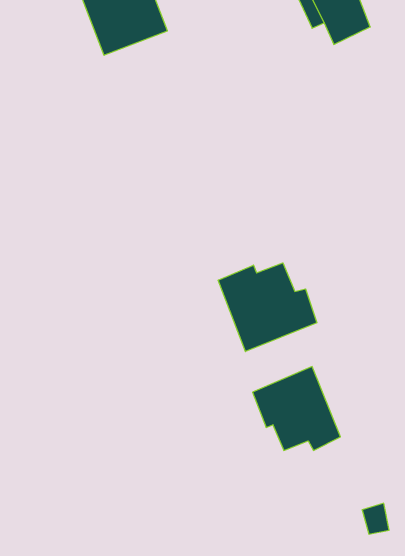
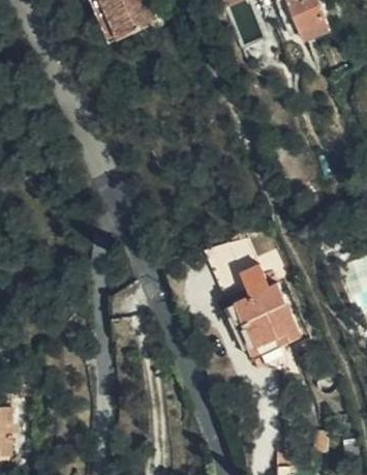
building: [218,263,317,352] -> none

